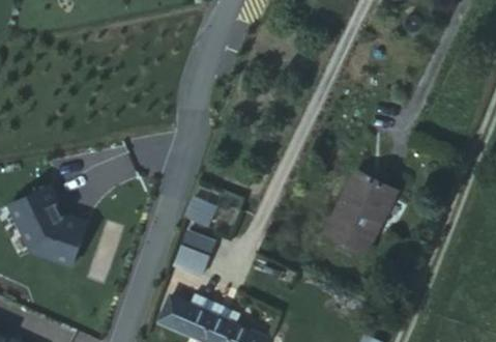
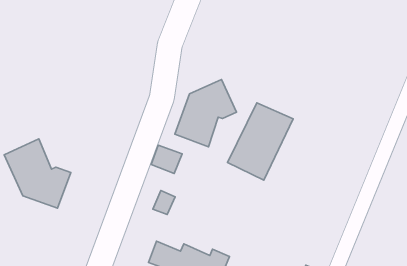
building: none -> [175,79,236,147]
building: [318,169,395,259] -> [227,103,293,180]

